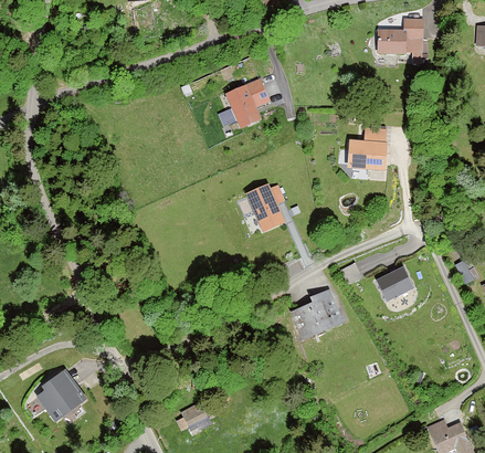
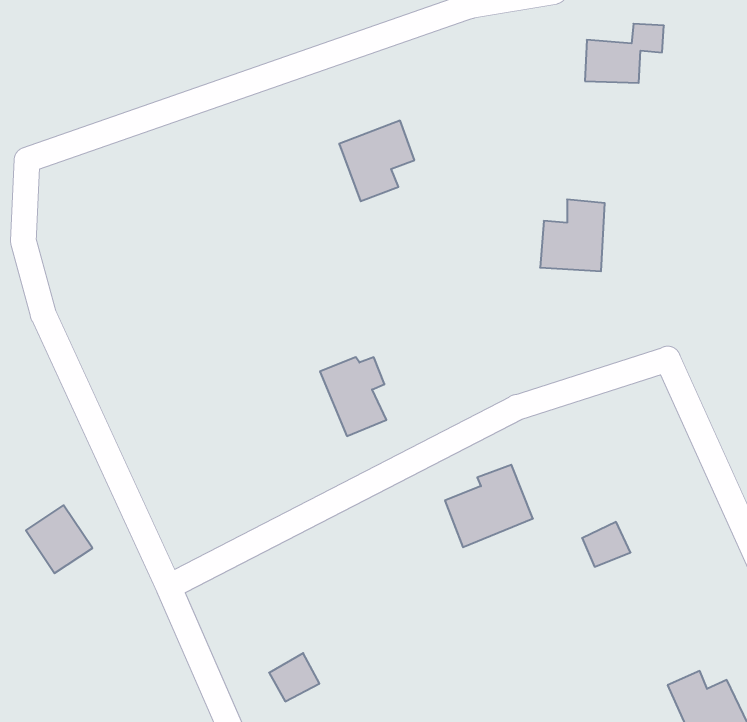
building: [244,183,285,232] -> [320,357,386,436]
building: [380,270,410,297] -> [582,522,631,567]
building: [44,377,85,419] -> [26,505,92,573]

